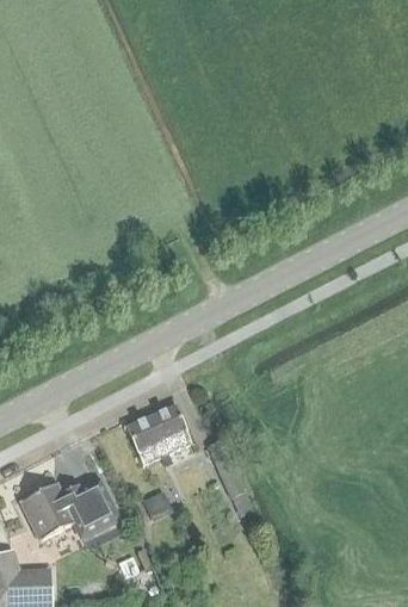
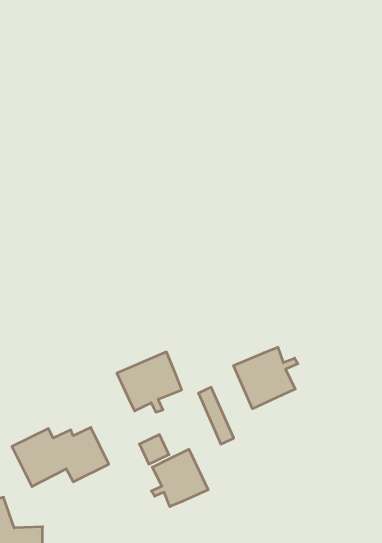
building: none -> [234,347,298,409]
building: none -> [151,449,208,507]

